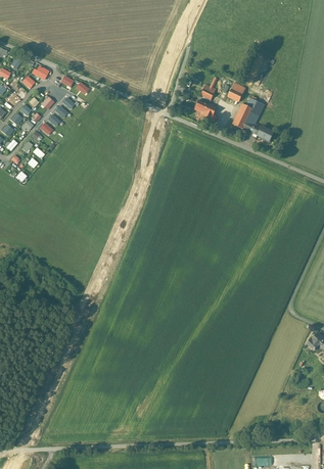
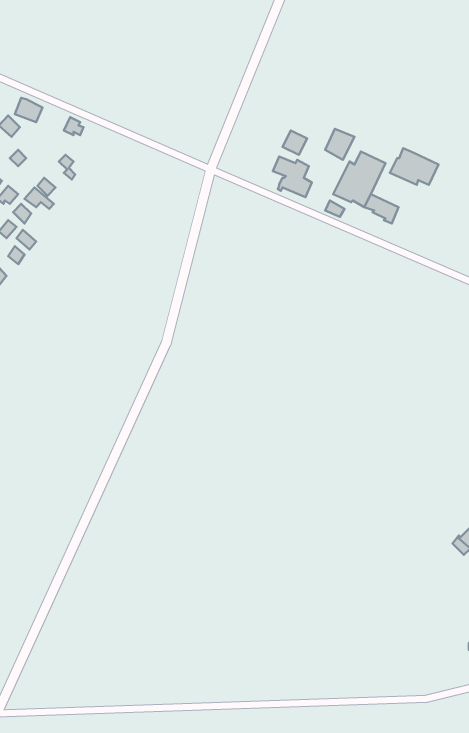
building: none -> [390,148,439,185]

